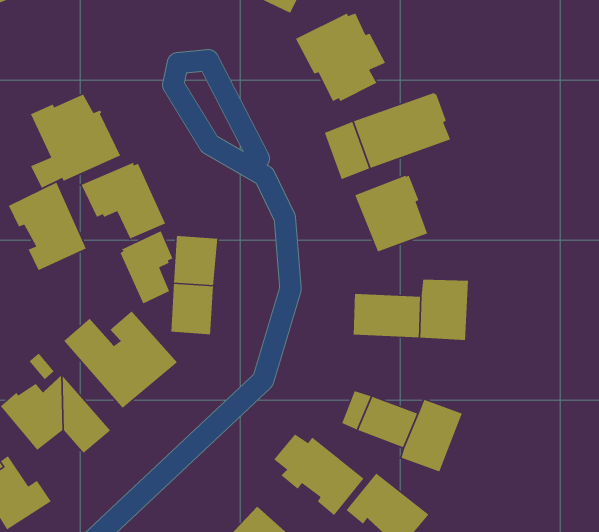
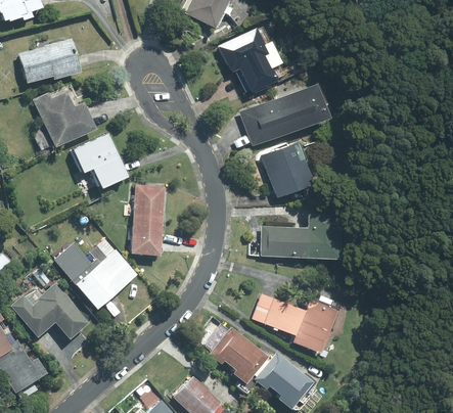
building: none -> [19,40,80,83]
building: [8,182,87,271] -> none
building: [119,230,174,304] -> none

